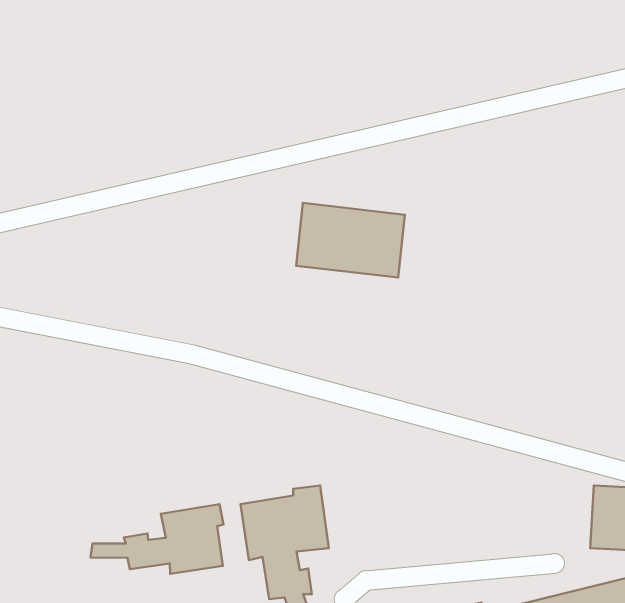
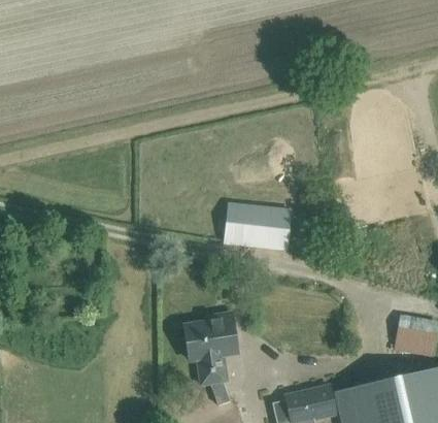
building: [296,203,405,278] -> [224,204,290,250]
building: [90,504,223,574] -> none

